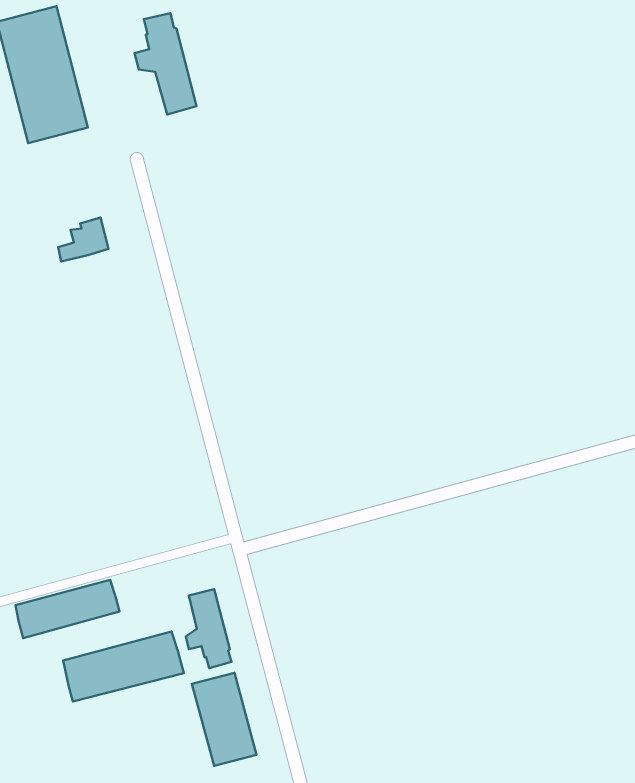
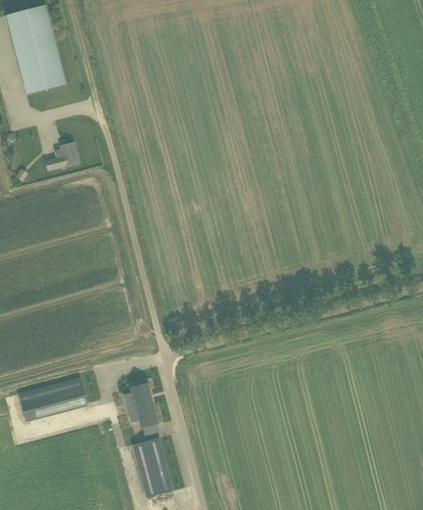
building: [135,13,197,114] -> none
building: [63,631,184,702] -> none

